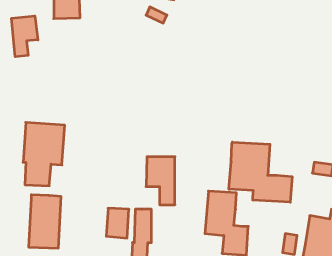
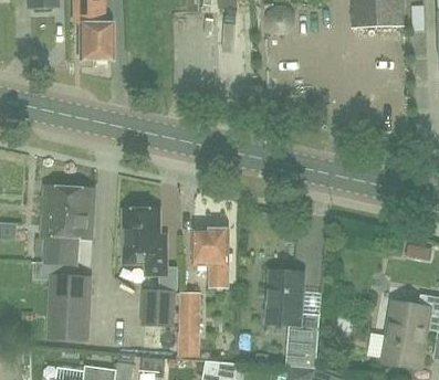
building: [12,16,38,57] -> none
building: none -> [122,209,165,277]
building: [229,142,292,202] -> none

